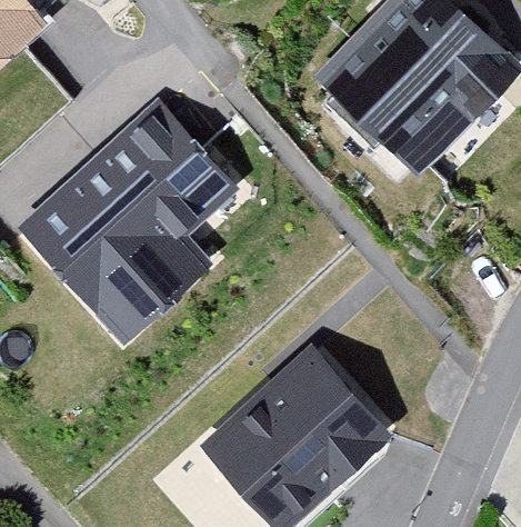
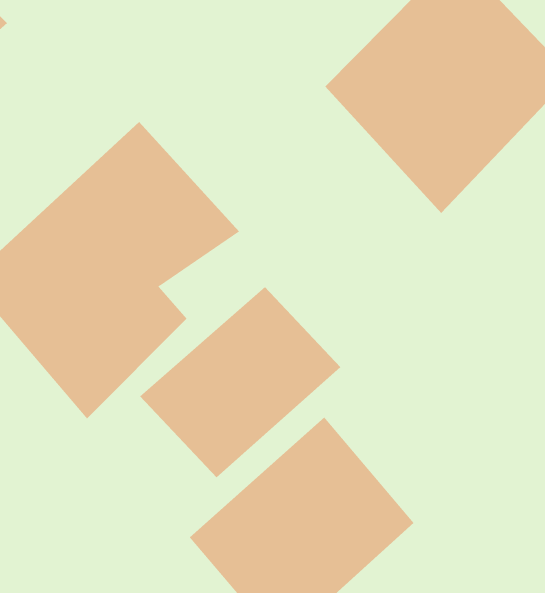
building: none -> [139,286,341,478]

